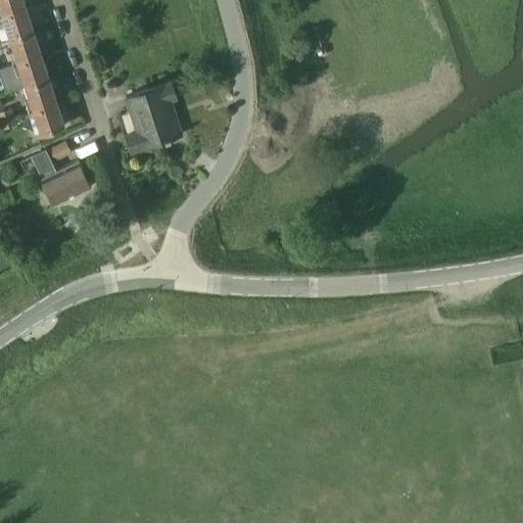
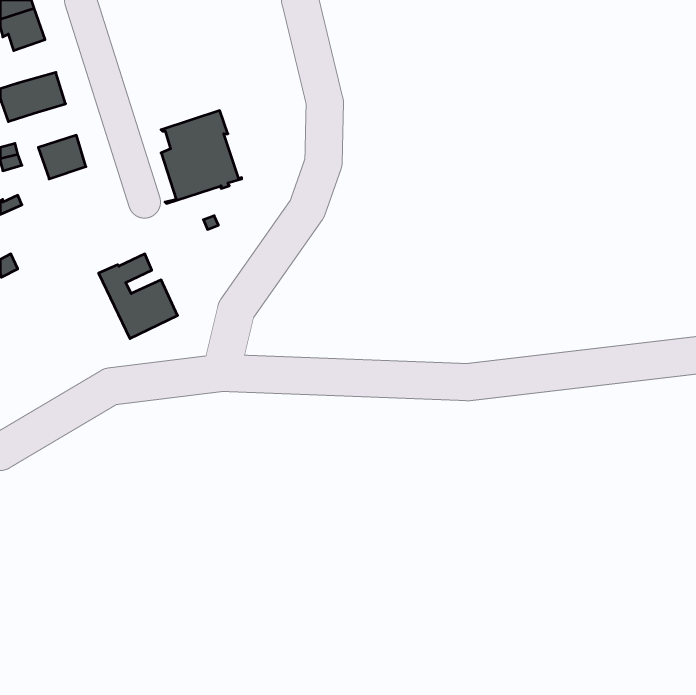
building: [11,32,43,64] -> none
building: [27,80,58,112] -> none
building: [32,142,91,205] -> [99,254,178,339]

